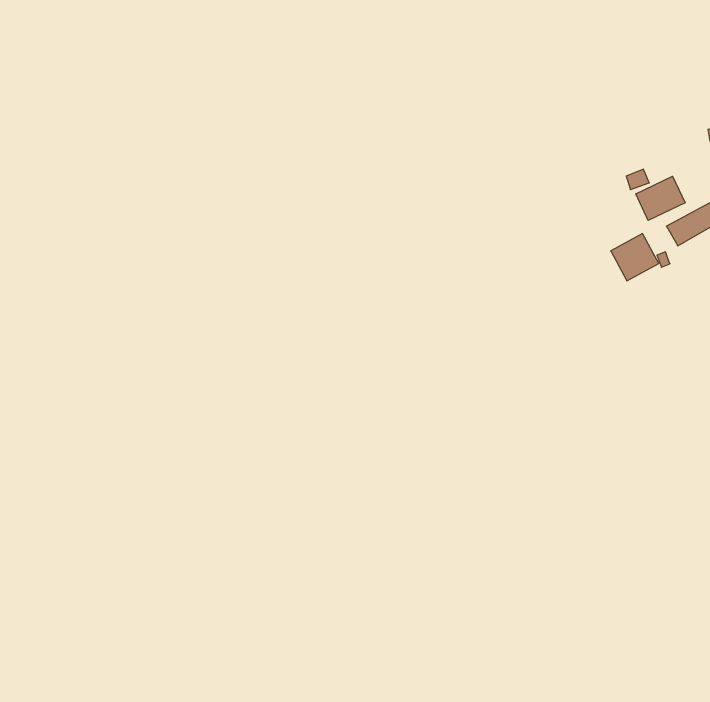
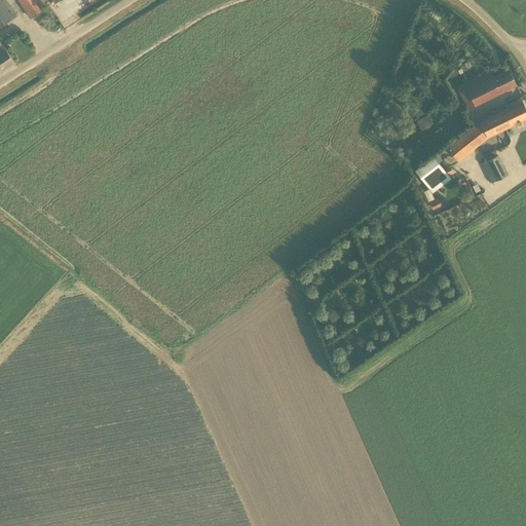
building: [636,176,685,220] -> none

